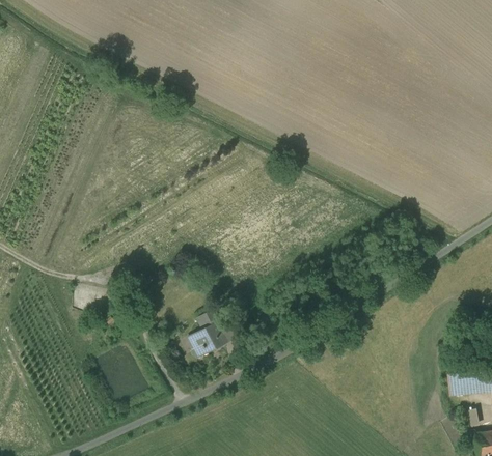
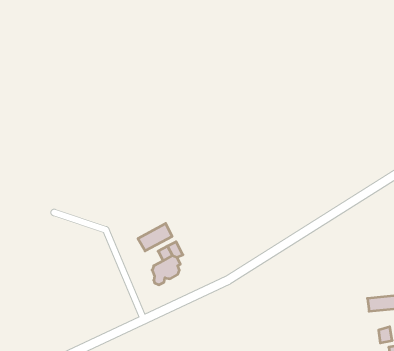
building: none -> [138,223,172,251]

